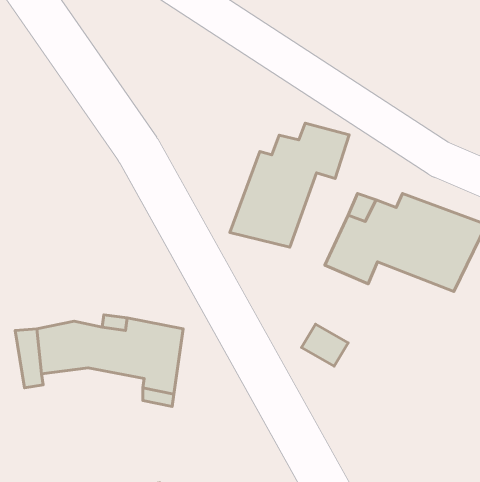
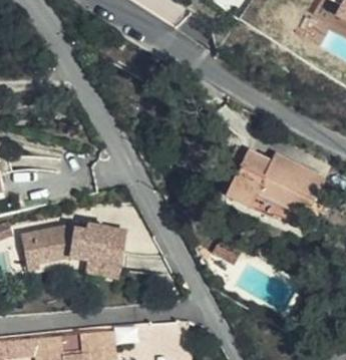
building: [230,123,349,247] -> none

